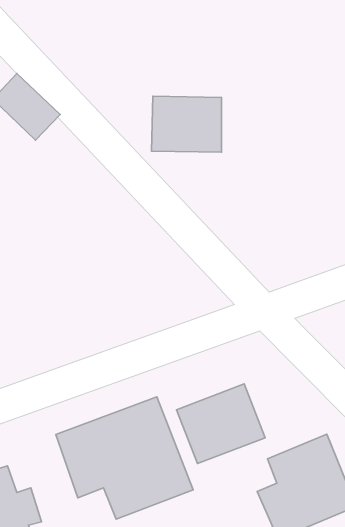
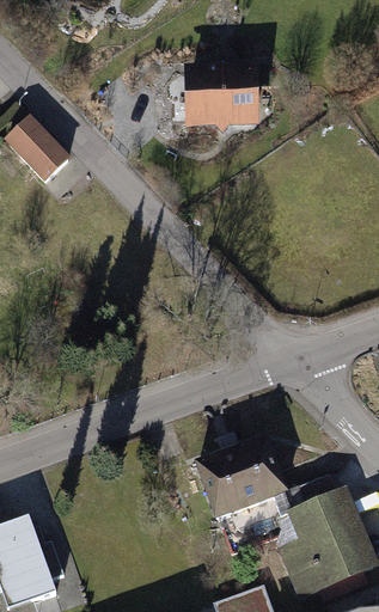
building: [152,96,222,152] -> [190,66,262,123]
building: [56,397,193,519] -> none

